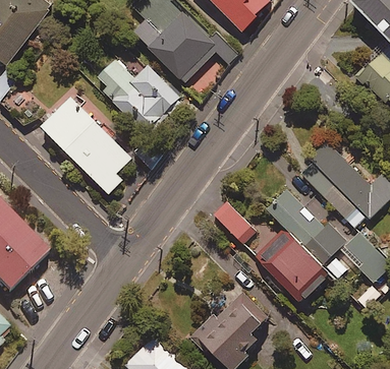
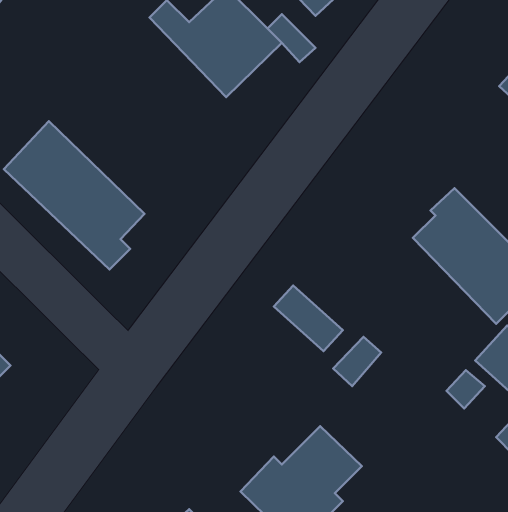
building: [97,56,182,134] -> none
building: [264,186,345,264] -> none
building: [269,252,321,304] -> none

